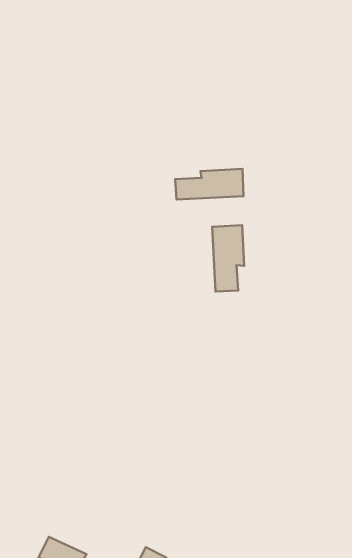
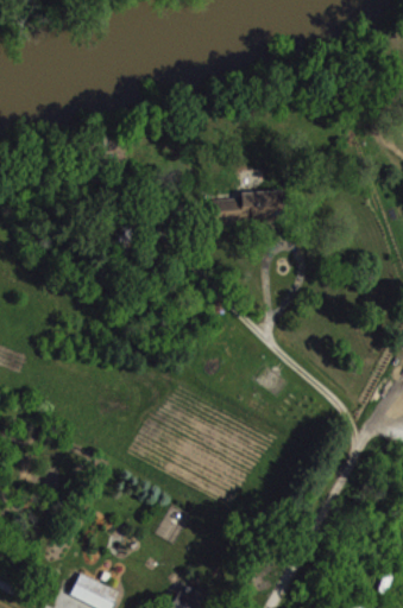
building: [212,225,244,291] -> none

